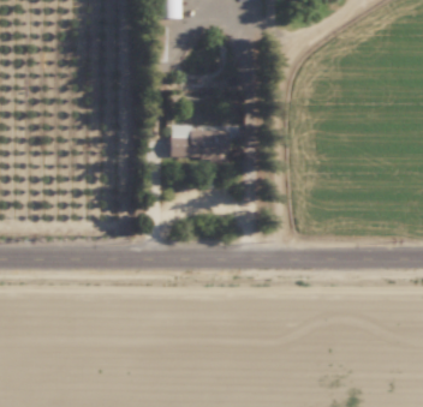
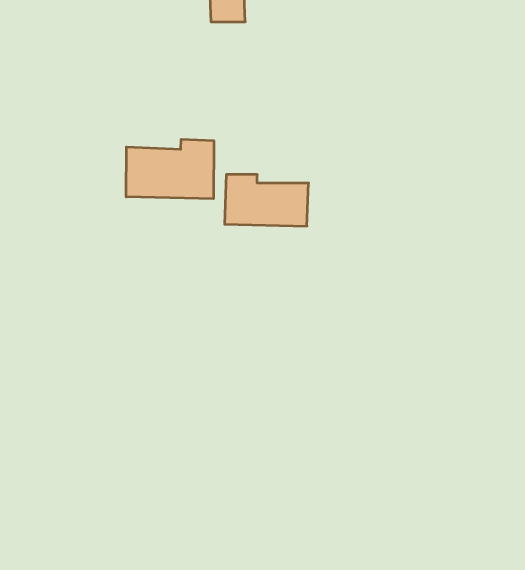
building: none -> [126,139,214,199]

